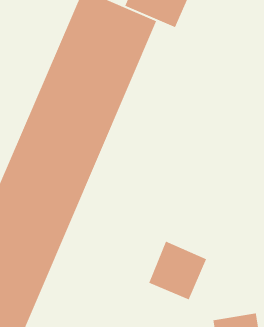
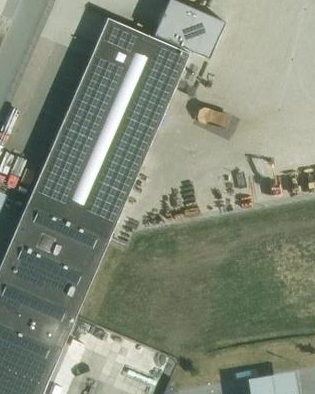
building: [148,241,207,301] -> none

